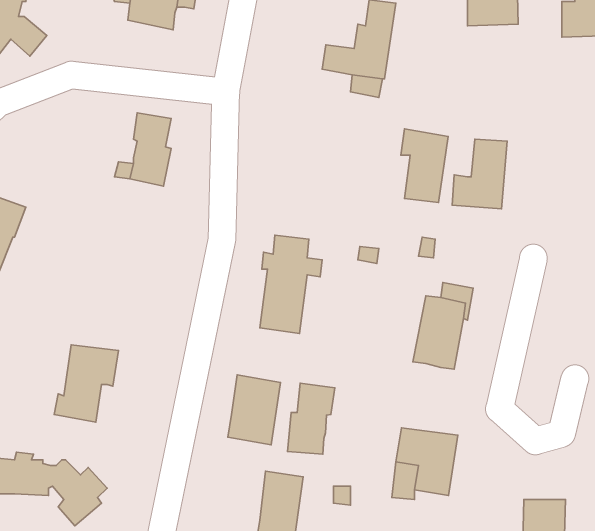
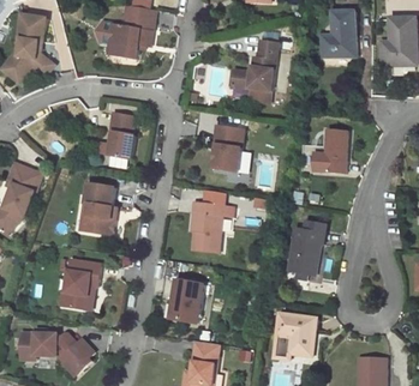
building: [401,129,448,202] -> [214,125,244,171]
building: none -> [84,182,114,234]
building: [288,383,335,454] -> none

